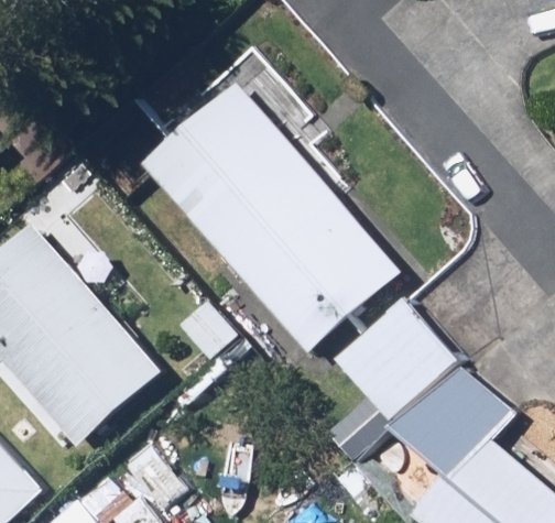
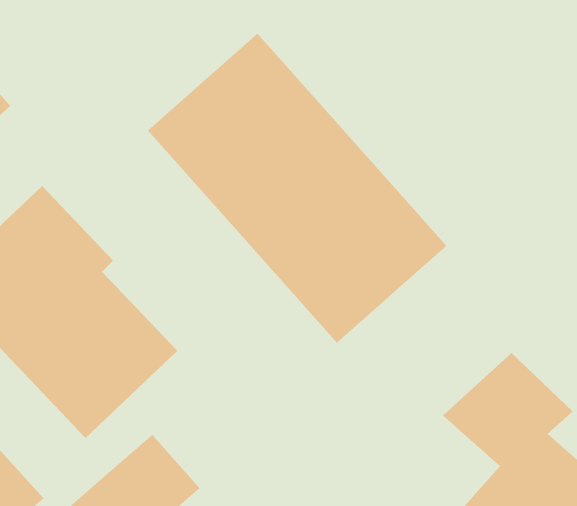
building: [328,295,464,431] -> none

